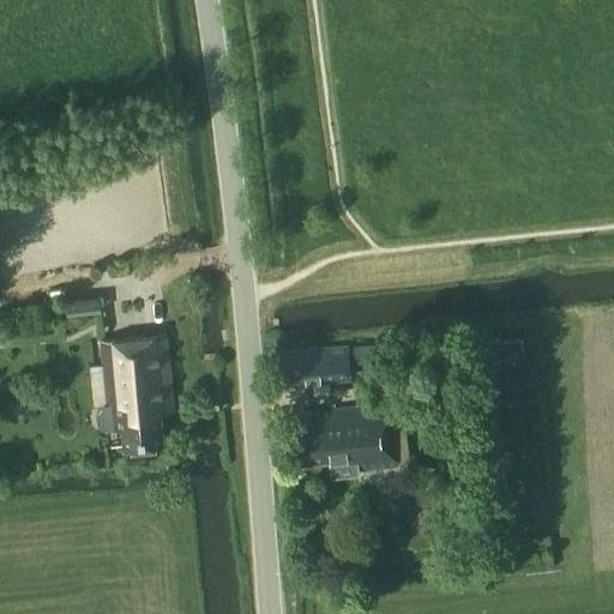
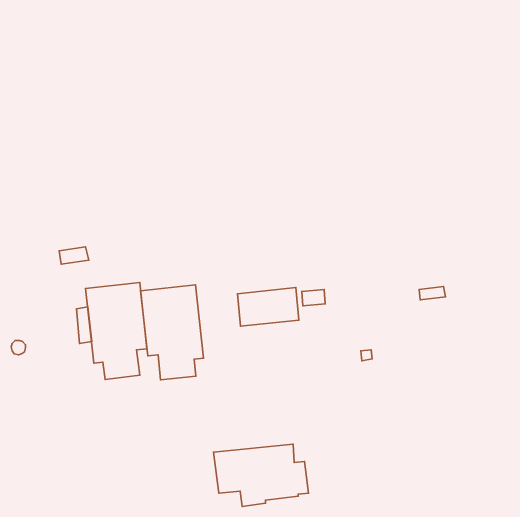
building: none -> [141,285,203,380]
building: [299,407,410,480] -> [214,444,308,506]

